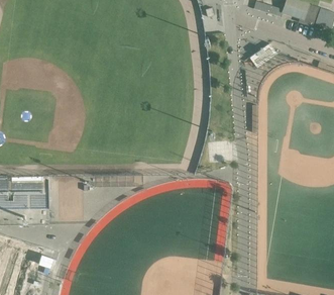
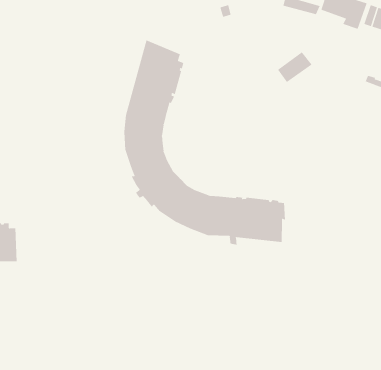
building: none -> [124,39,285,245]

